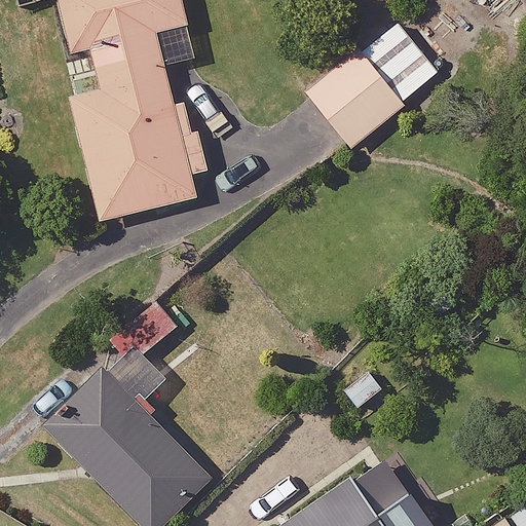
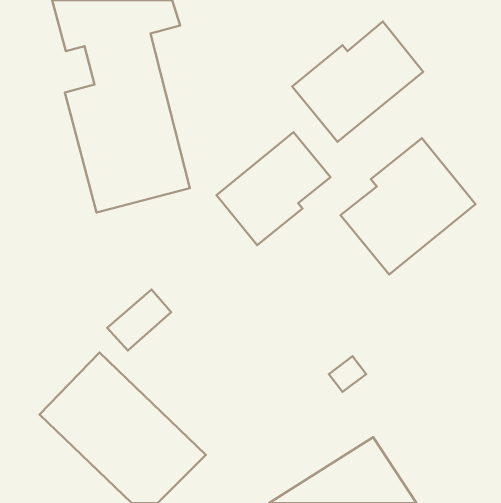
building: none -> [216,132,331,245]
building: none -> [340,138,475,274]

